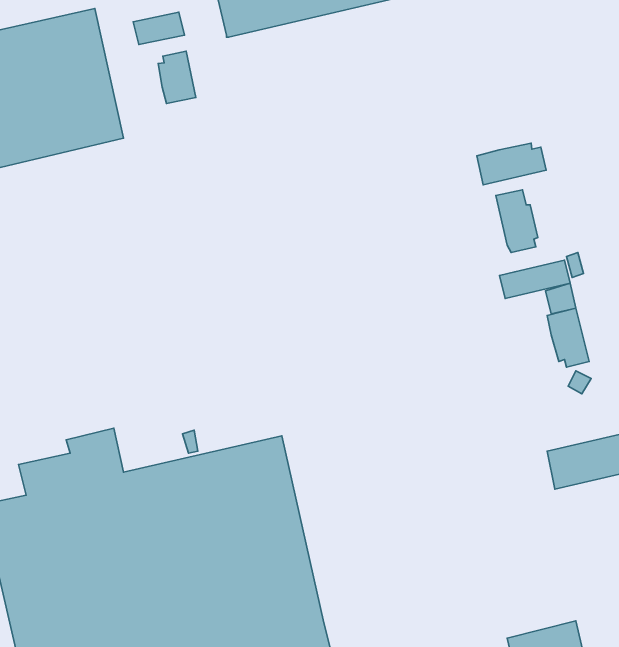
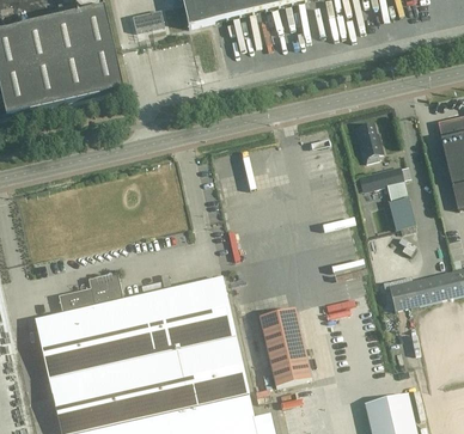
building: [158,51,196,103] -> none
building: [477,143,546,185] -> none
building: none -> [260,305,311,384]

